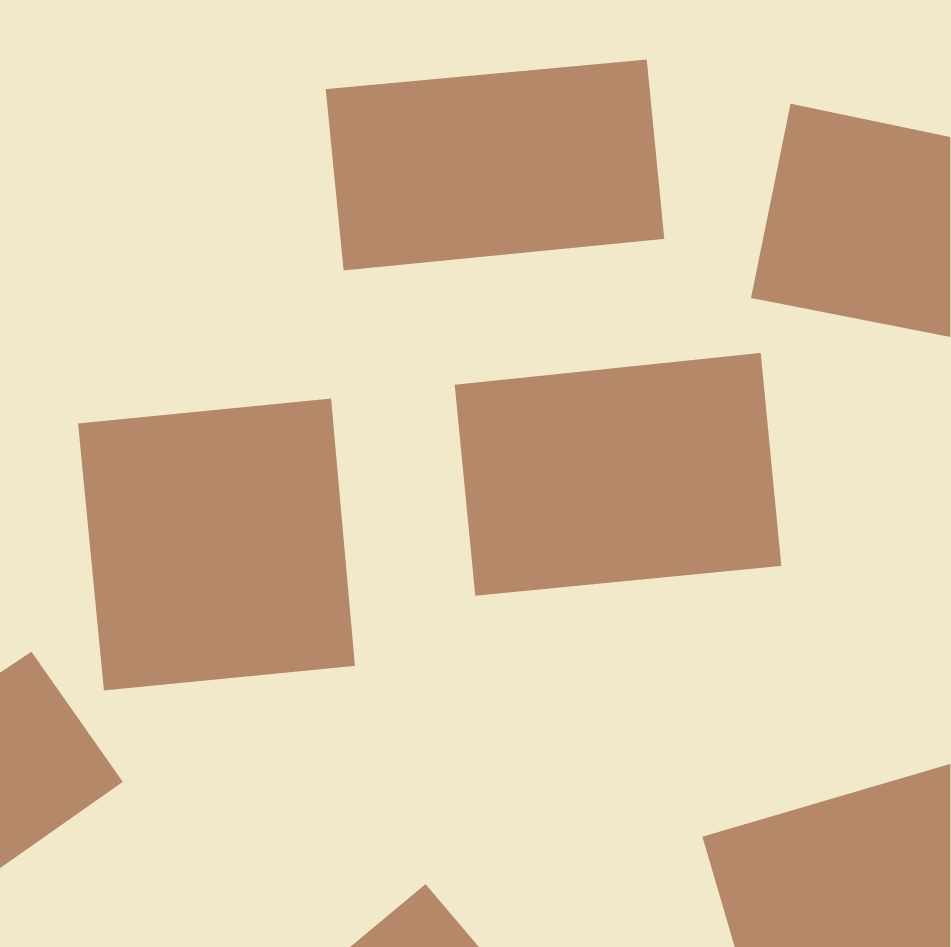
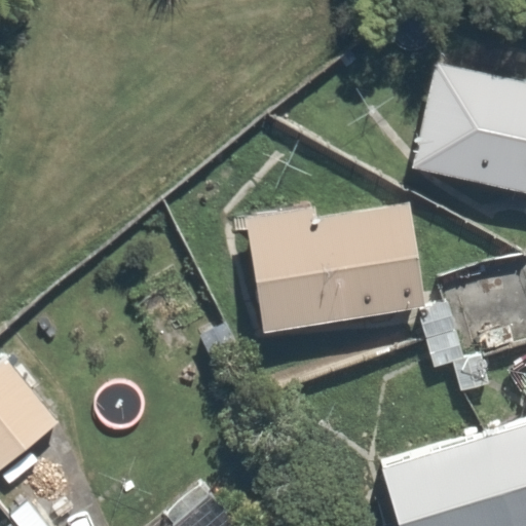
building: [325,59,665,271] -> none
building: [77,398,356,691] -> none

